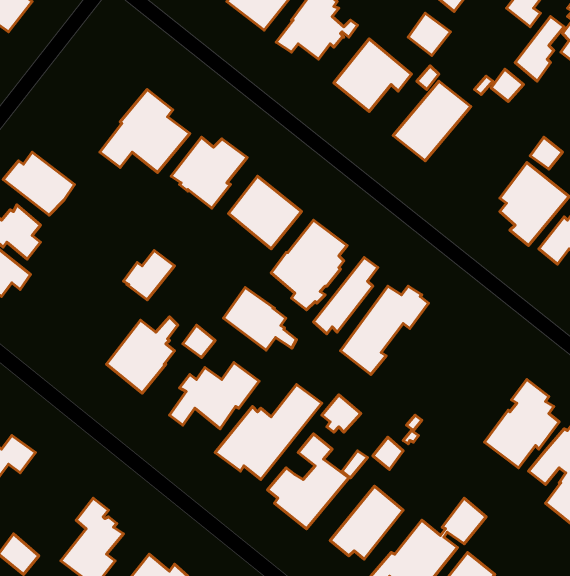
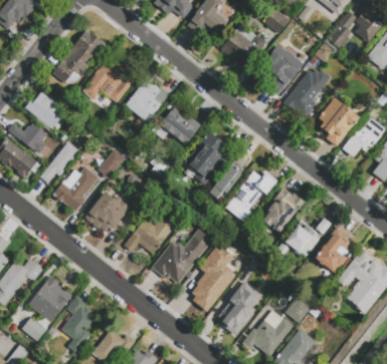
building: none -> [52,28,108,82]
building: none -> [282,68,330,118]
building: none -> [39,141,79,184]
building: none -> [52,166,99,212]
building: [223,287,297,350] -> none
building: none -> [259,188,304,237]
building: none -> [274,218,331,258]
building: none -> [28,275,71,321]

